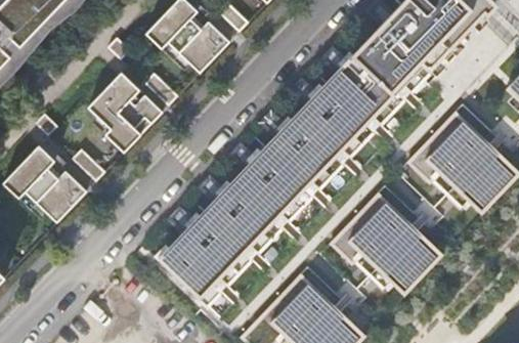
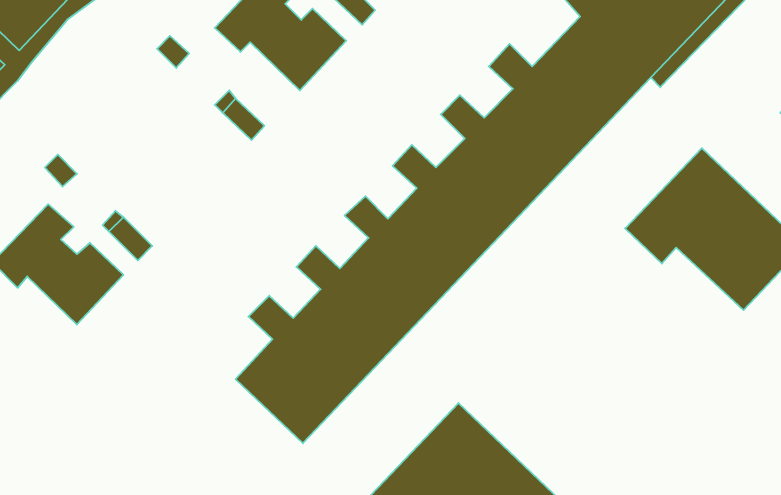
building: [88,77,163,153] -> none
building: [330,191,444,296] -> none

